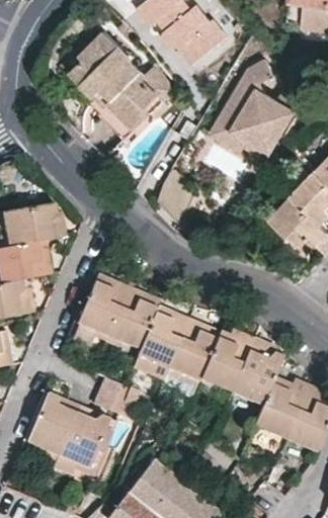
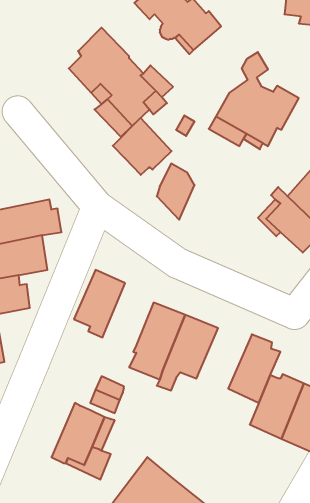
building: none -> [113,118,172,175]
building: [106,286,160,348] -> none
building: [200,329,254,391] -> none
building: [26,392,79,458] -> none

